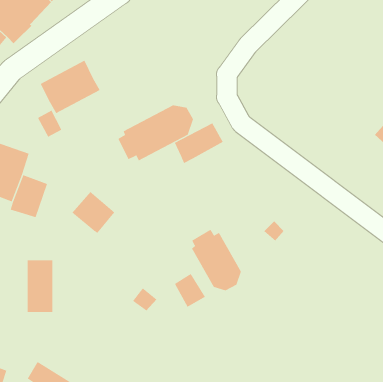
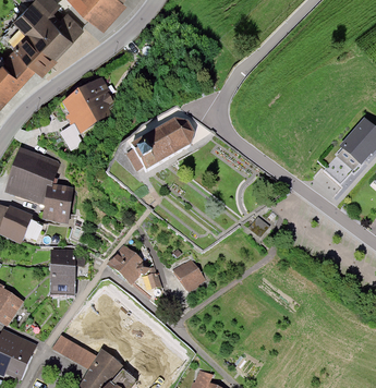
building: [174,122,224,164] -> none
building: [72,191,115,233] -> [108,248,144,283]
building: [191,229,241,291] -> none

